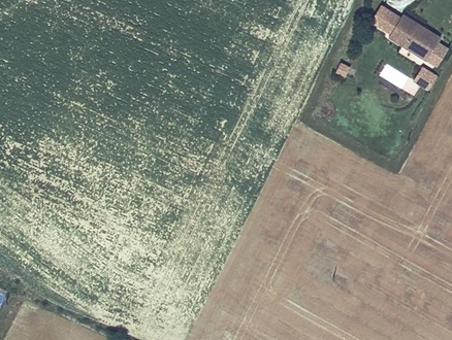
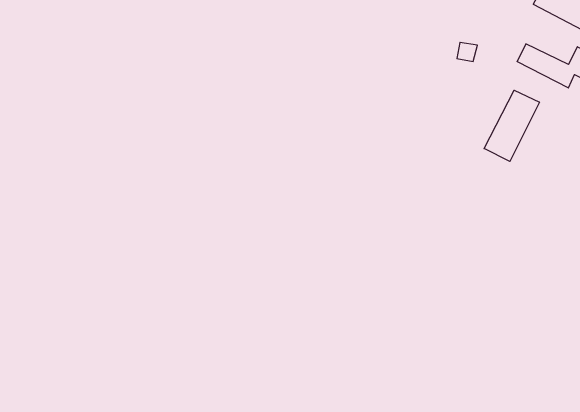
building: none -> [484,90,539,161]

